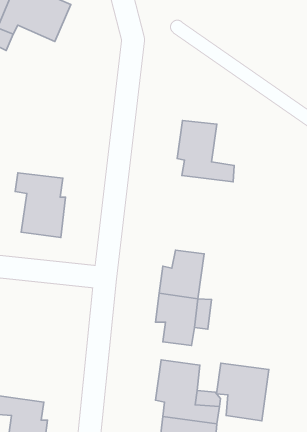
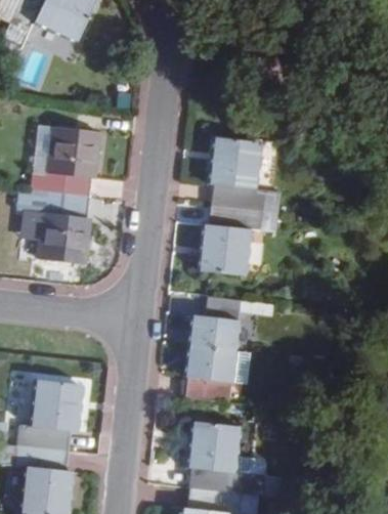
building: none -> [33,132,99,205]
building: none -> [204,202,277,270]
building: none -> [19,387,79,460]
building: [216,363,269,421] -> none

